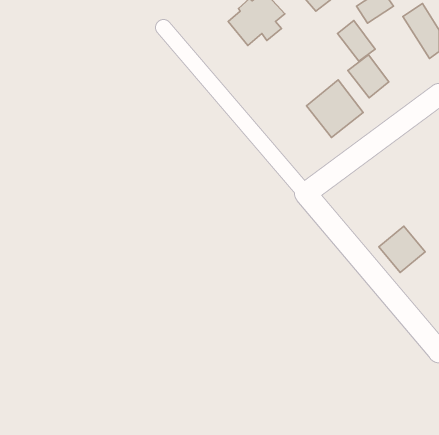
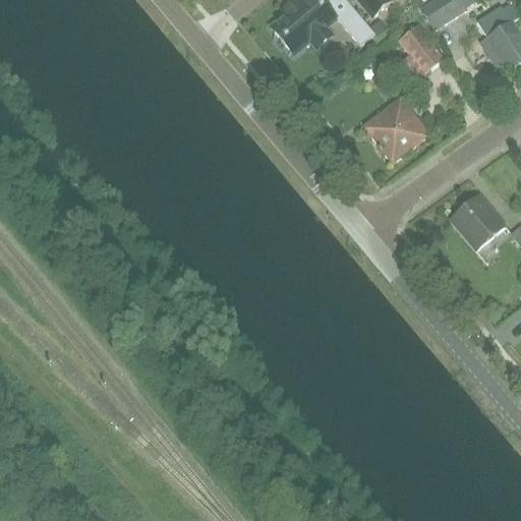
building: none -> [341,11,374,45]
building: [348,55,389,98] -> none
building: [379,226,425,273] -> [450,194,505,249]

